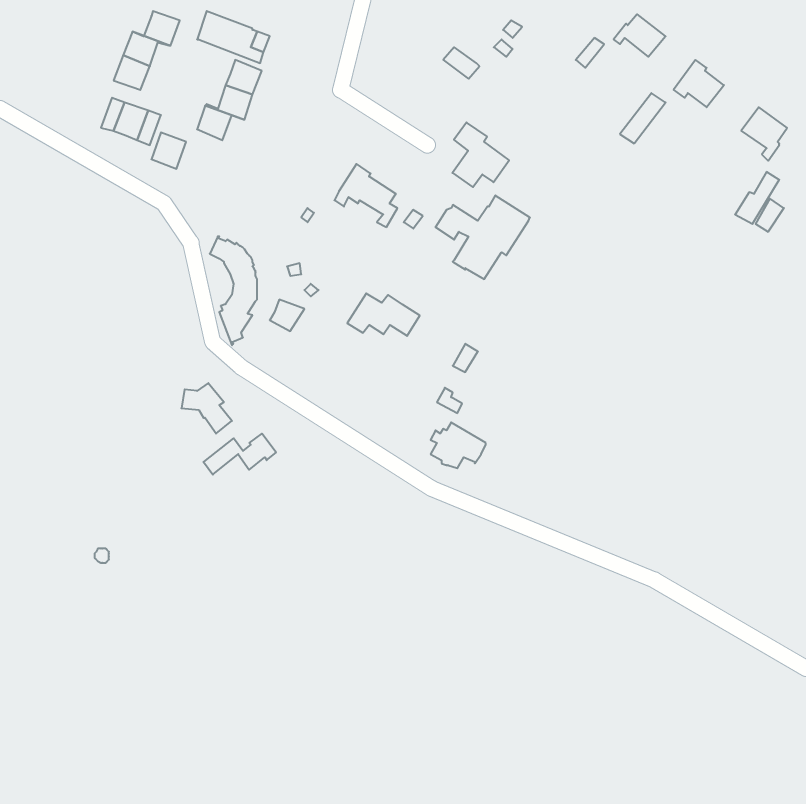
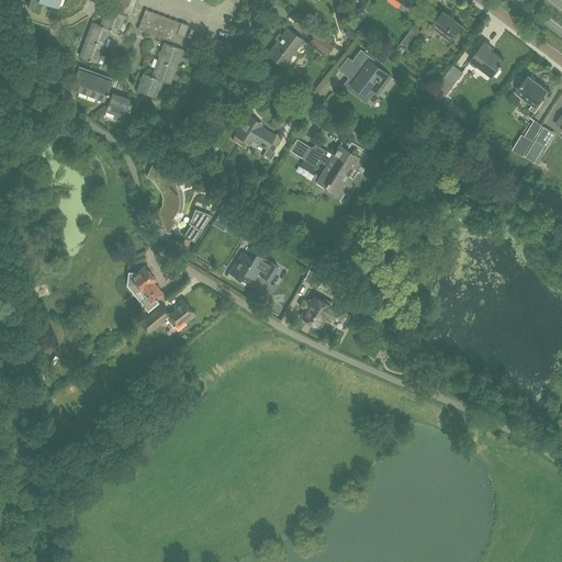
building: none -> [268,29,303,67]
building: [452,122,509,187] -> [350,50,390,95]
building: [347,293,420,336] -> [228,252,279,282]

